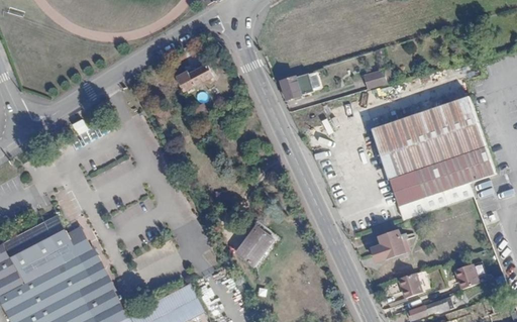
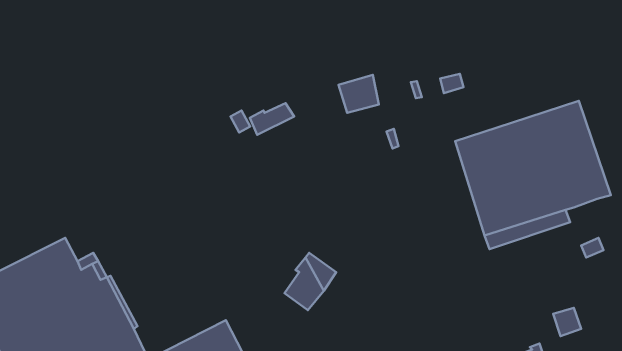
building: [176,68,212,94] -> [250,103,294,135]
building: [372,232,406,263] -> none
building: [398,274,423,299] -> none

